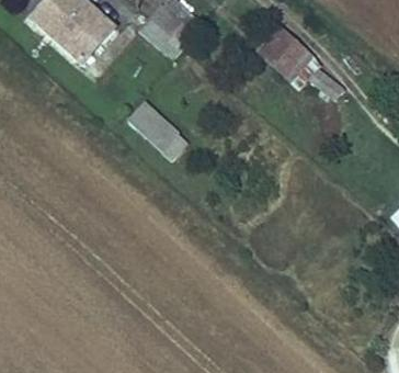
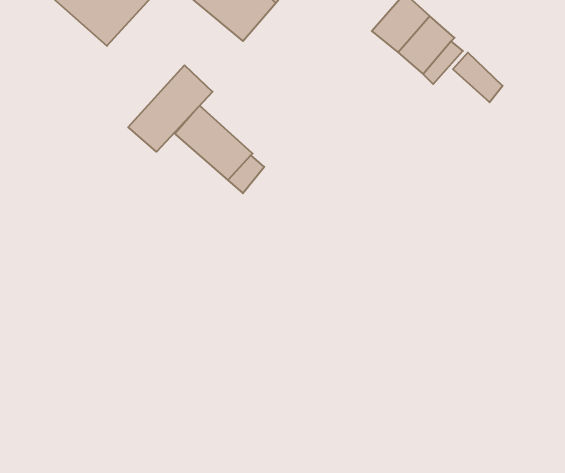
building: none -> [128,65,213,152]

